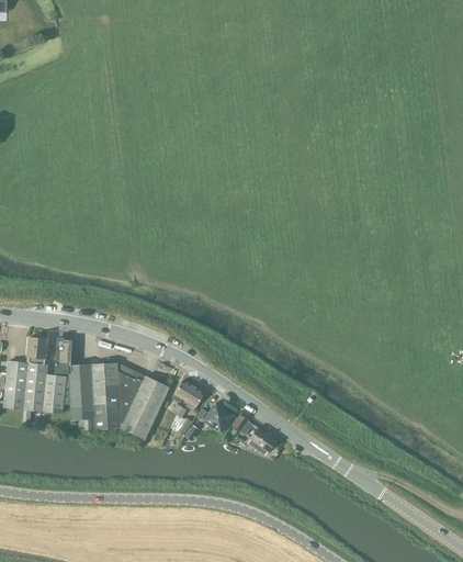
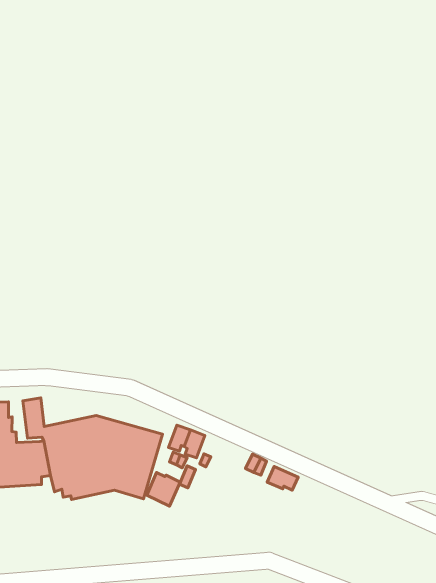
building: [203,403,233,432] -> [147,473,180,506]

